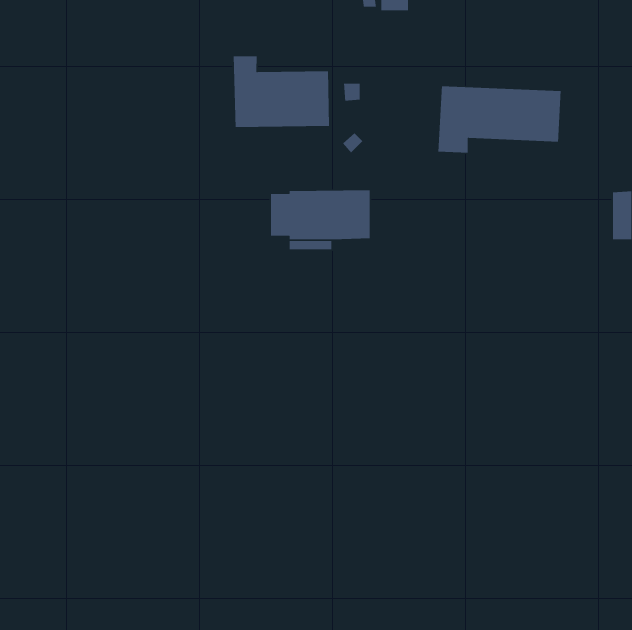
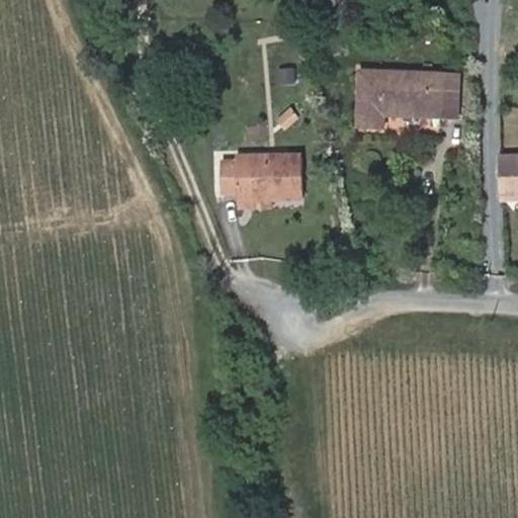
building: [233,56,330,128] -> none

